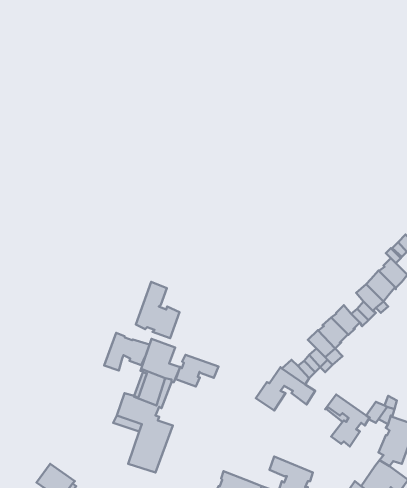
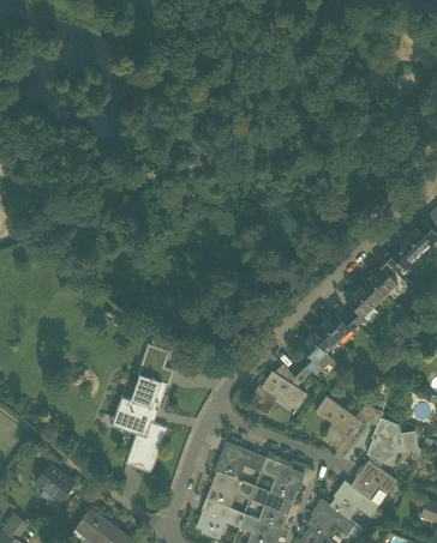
building: [136,282,180,338] -> none
building: [104,333,150,371] -> none
building: [176,355,219,387] -> none
building: none -> [215,442,267,481]

